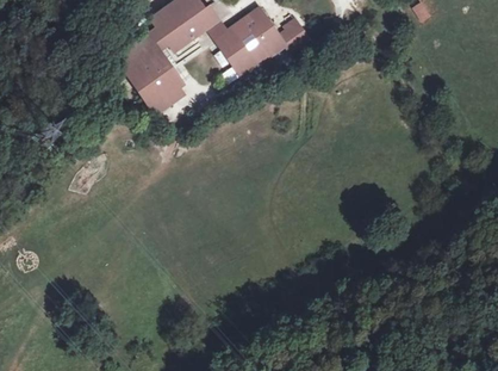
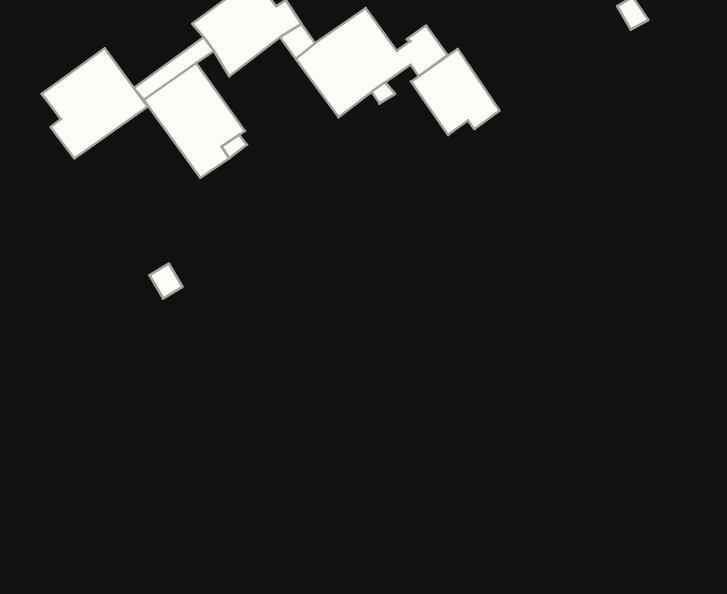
building: none -> [42,48,147,158]
building: none -> [411,49,499,135]

